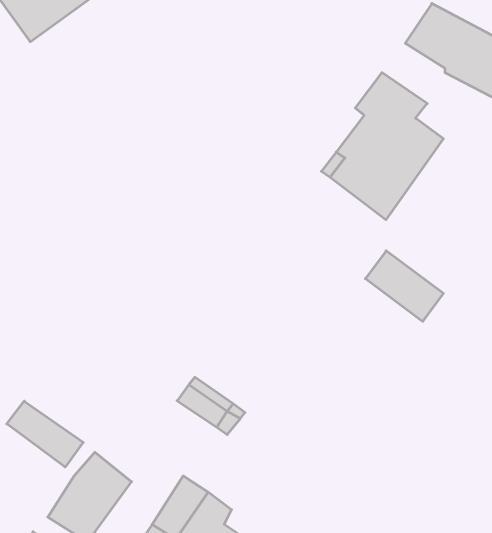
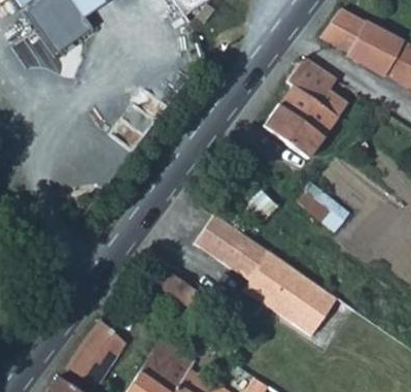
building: none -> [191,215,337,336]
building: [7,401,83,467] -> none

